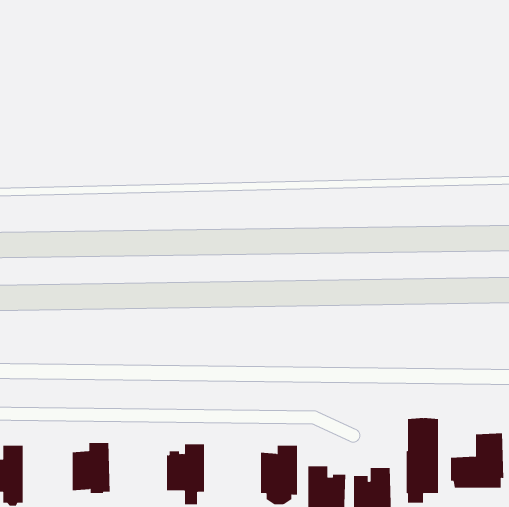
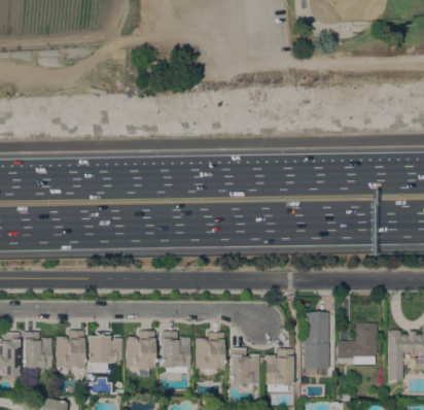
building: none -> [163,332,190,374]
building: none -> [24,333,52,369]
building: none -> [89,333,123,363]

